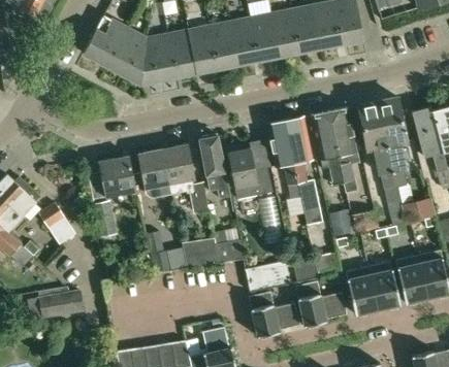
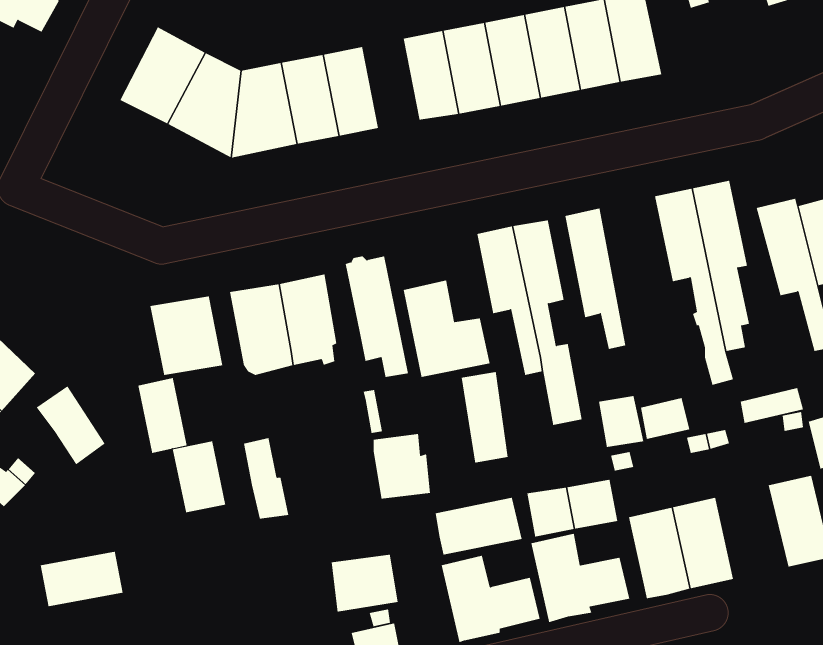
building: [207,24,236,70] -> none
building: [330,108,359,192] -> none
building: none -> [172,441,226,513]
building: [182,237,217,267] -> [331,554,399,612]
building: [394,255,427,302] -> none

